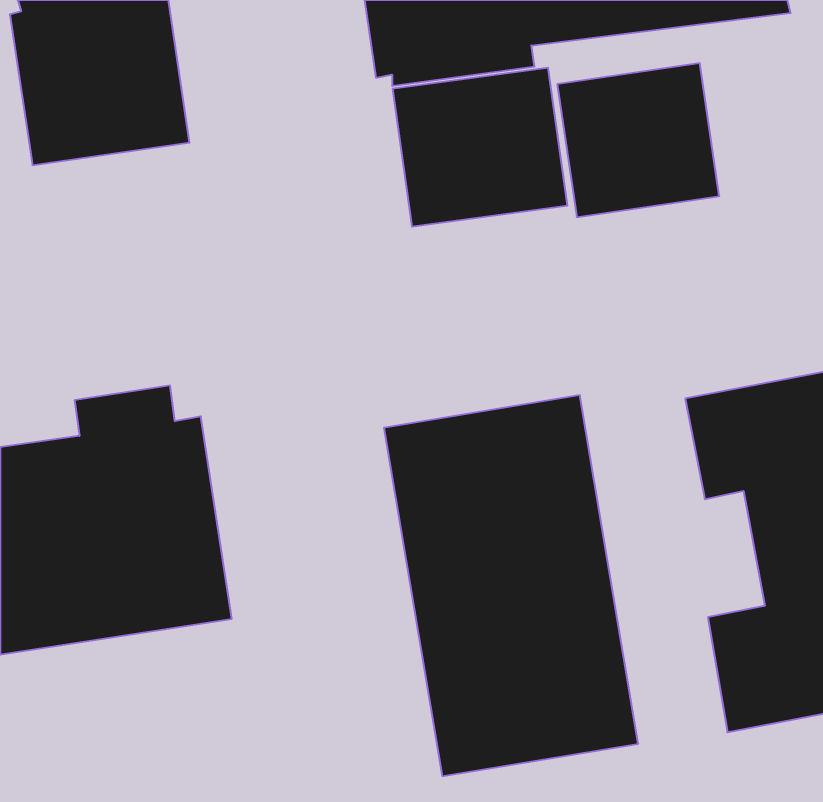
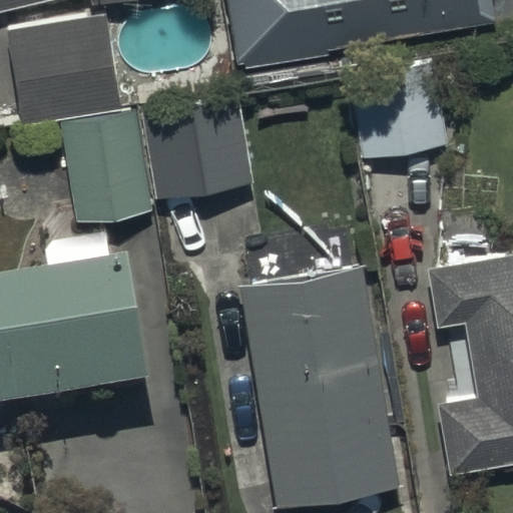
building: [393,68,567,227] -> [144,94,252,192]
building: none -> [61,108,151,218]

